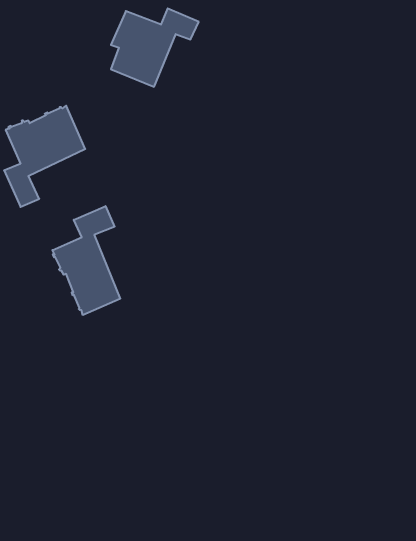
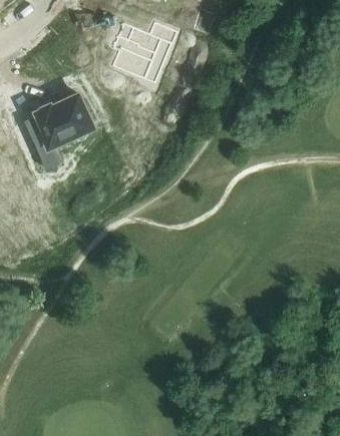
building: [52,206,120,315] -> none

